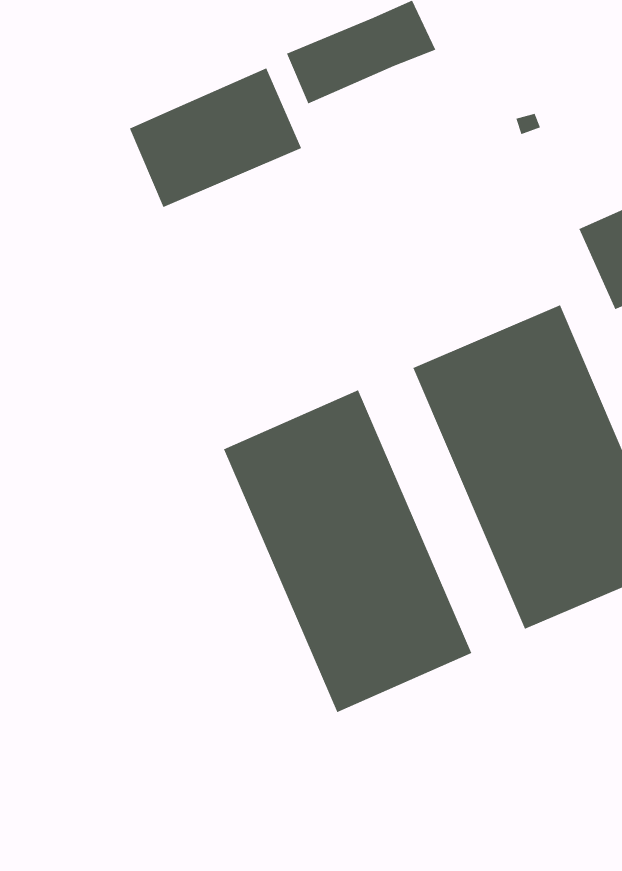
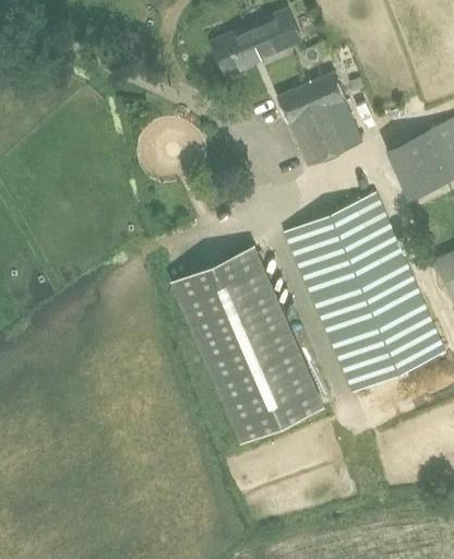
building: [129,67,302,208] -> none
building: none -> [277,74,361,166]

